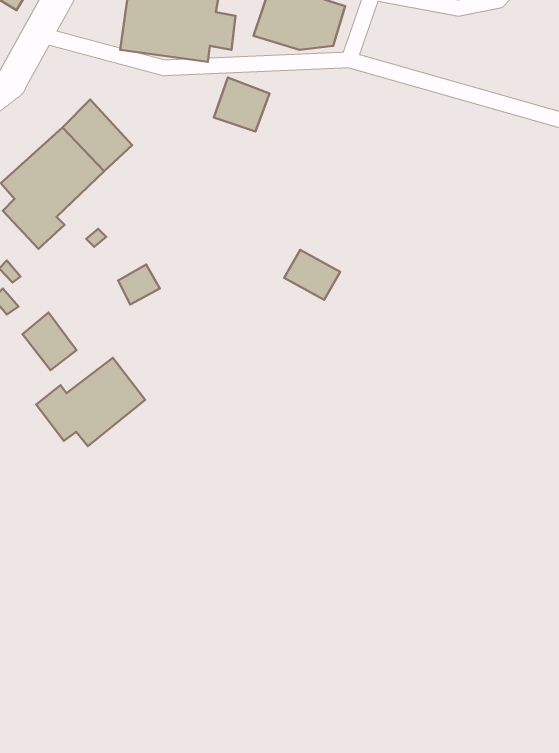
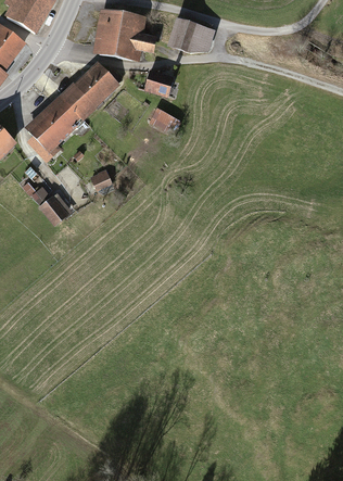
building: none -> [76,62,119,105]
building: [284,250,340,300] -> [148,107,178,135]
building: [36,358,145,446] -> none

